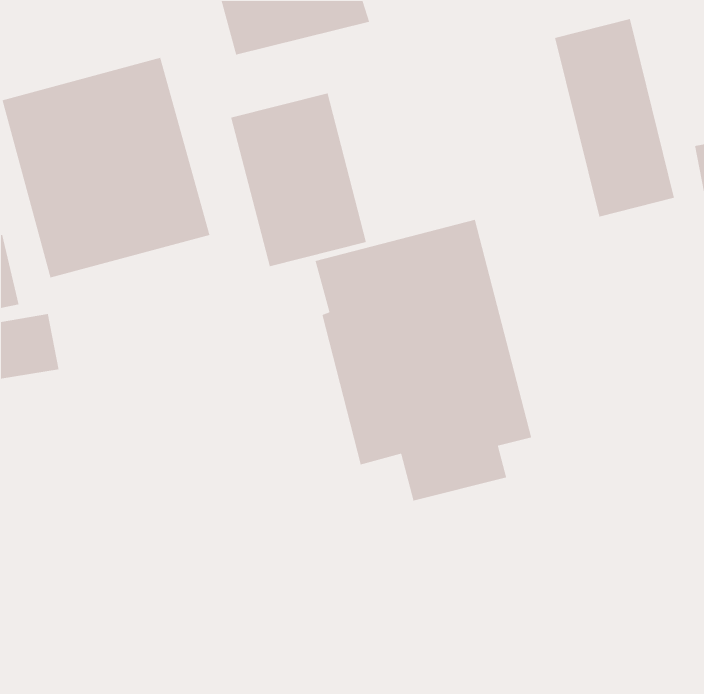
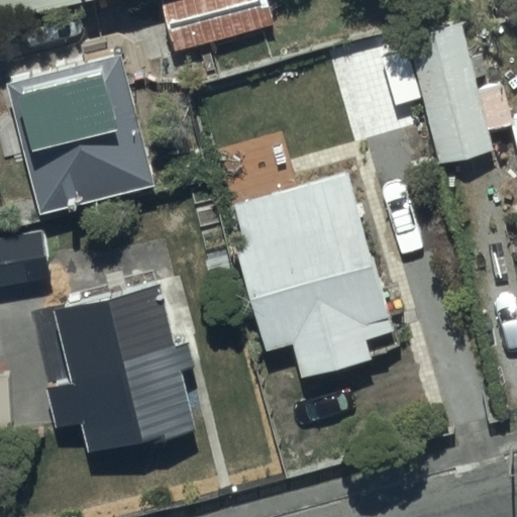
building: [230,92,367,267] -> none
building: none -> [38,290,196,453]

